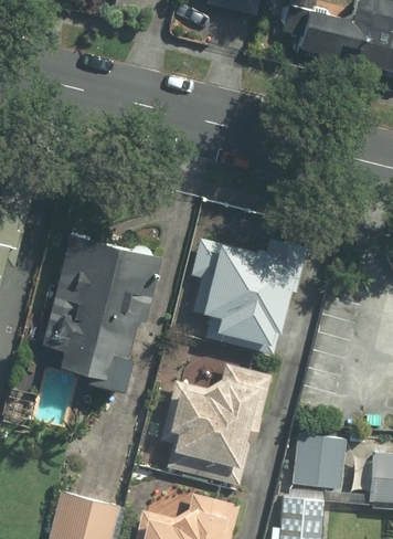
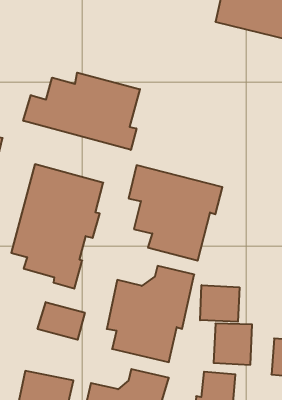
building: none -> [23,73,140,150]
building: none -> [200,285,239,322]
building: none -> [38,302,85,340]

